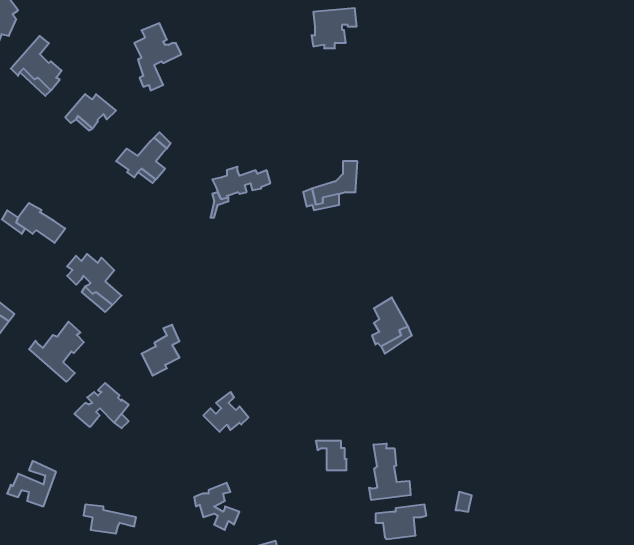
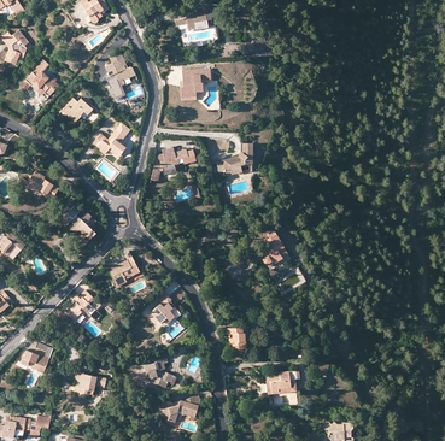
building: [311,8,357,48] -> [180,67,210,94]
building: [29,322,84,382] -> none
building: [369,443,411,500] -> none

